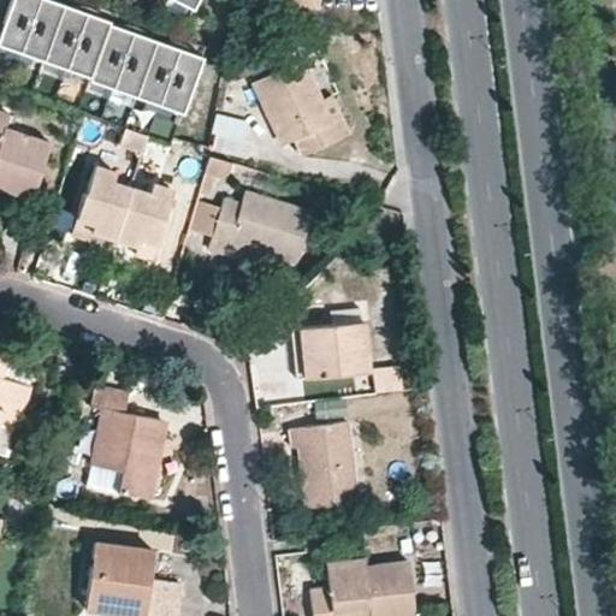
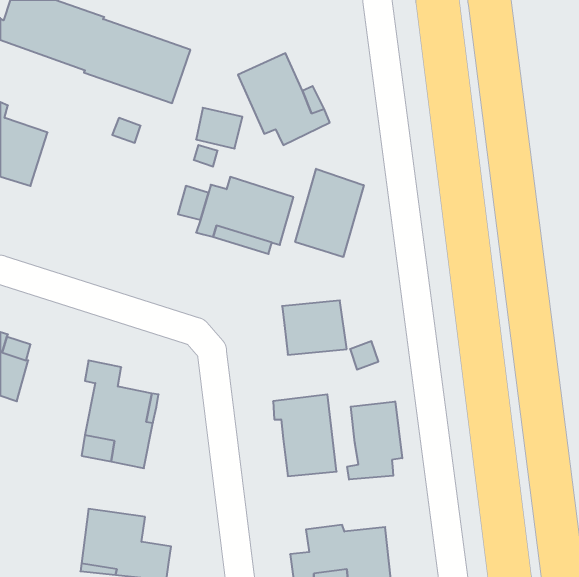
building: [70,165,173,262] -> none
building: none -> [295,169,364,257]
building: none -> [347,401,402,480]

